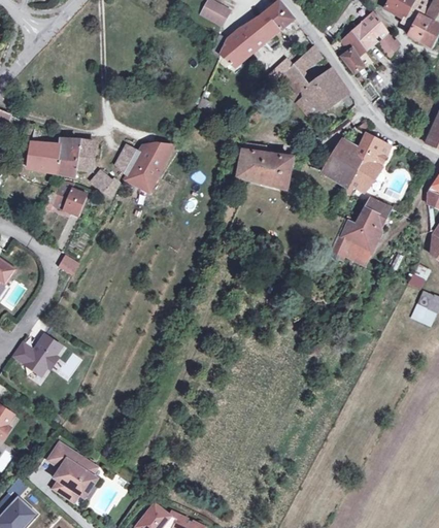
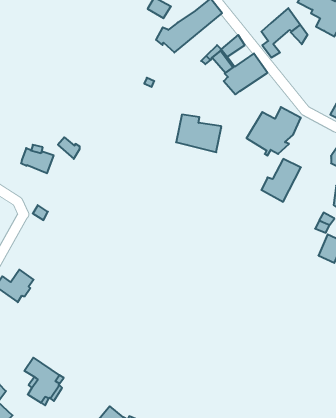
building: [27,126,92,177] -> none
building: [115,143,173,192] -> none
building: [330,235,368,264] -> none

